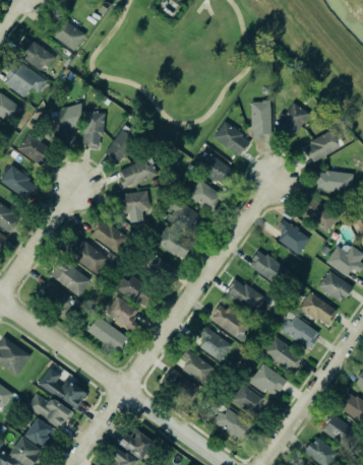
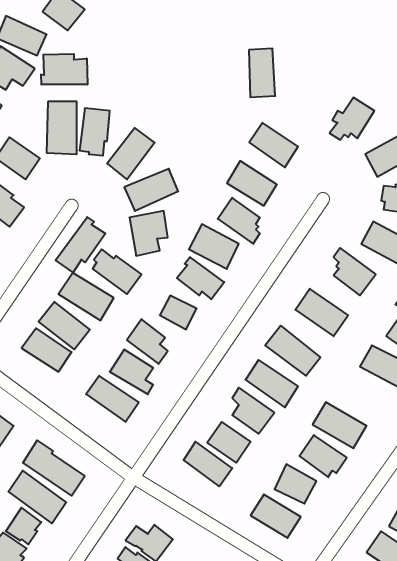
building: none -> [41,54,87,85]
building: [251,101,271,138] -> [249,49,275,97]
building: none -> [56,217,105,272]
building: [279,312,319,351] -> none

